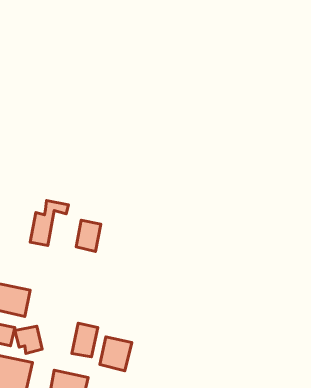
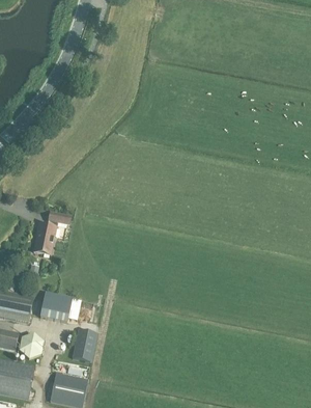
building: [76,220,101,252] -> none
building: none -> [39,292,72,321]
building: [100,337,132,371] -> none

